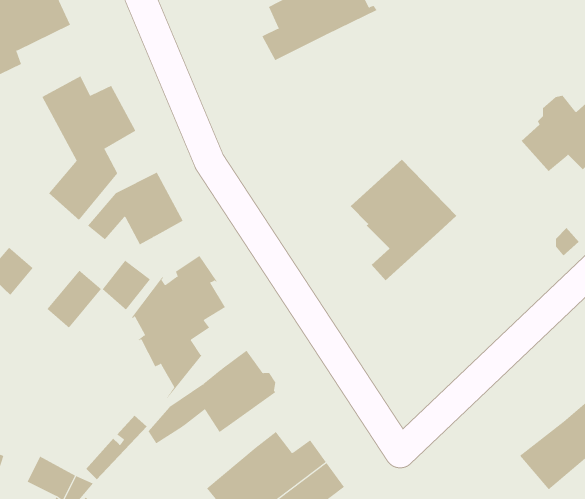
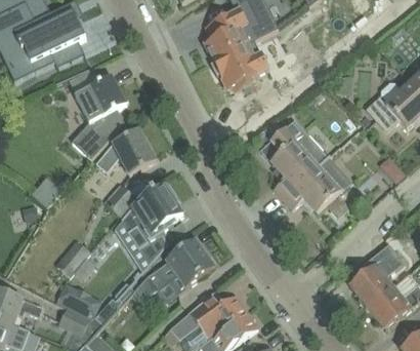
building: none -> [210,40,267,91]
building: none -> [283,157,358,216]
building: [46,270,102,328] -> [55,239,90,276]
building: none -> [349,244,404,308]
building: none -> [54,281,101,319]

